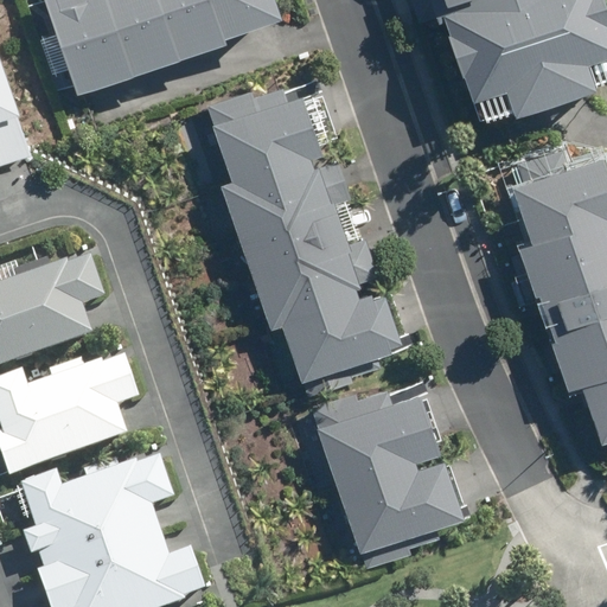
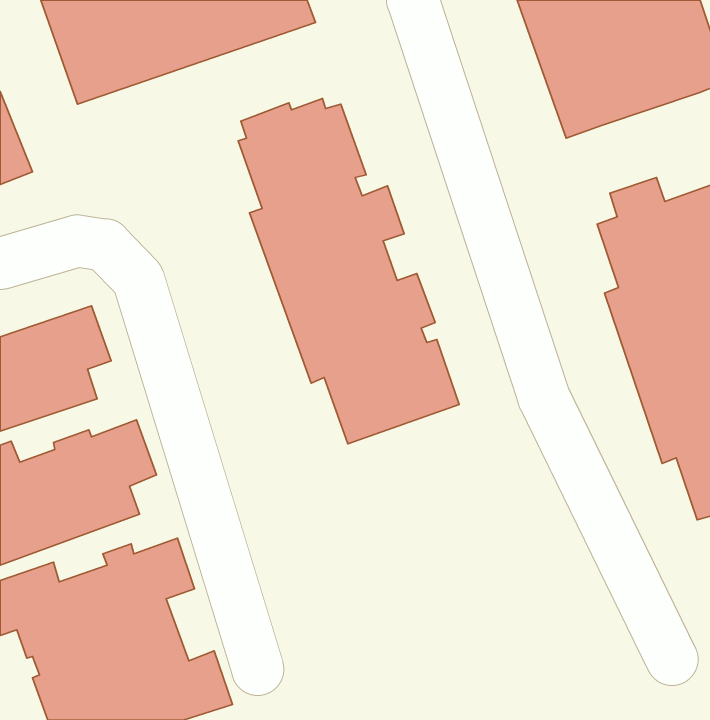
building: [309,384,461,545] -> none

